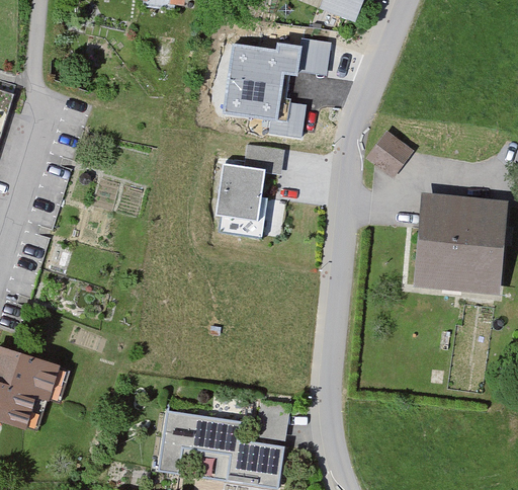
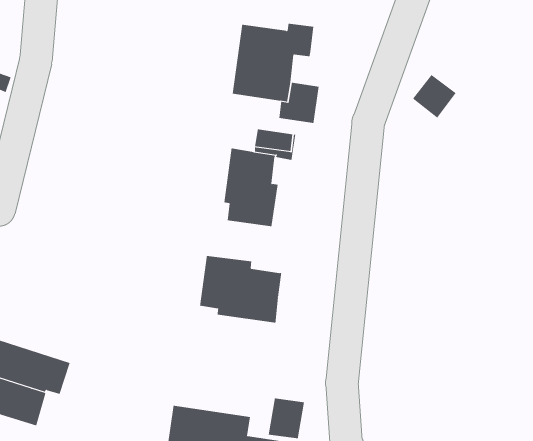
building: [298,38,331,75] -> none
building: [368,133,411,175] -> [412,74,457,118]
building: [420,196,502,291] -> none
building: none -> [199,255,282,324]

